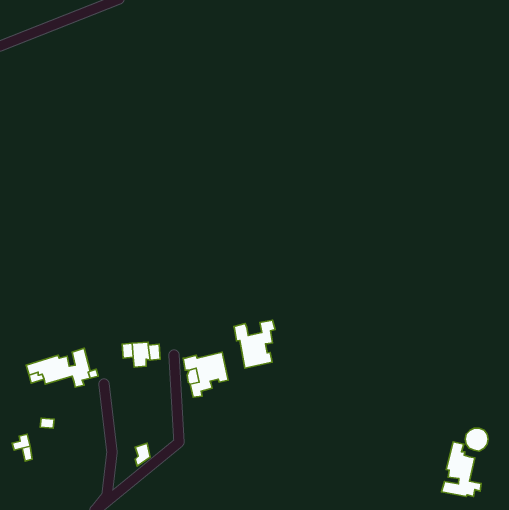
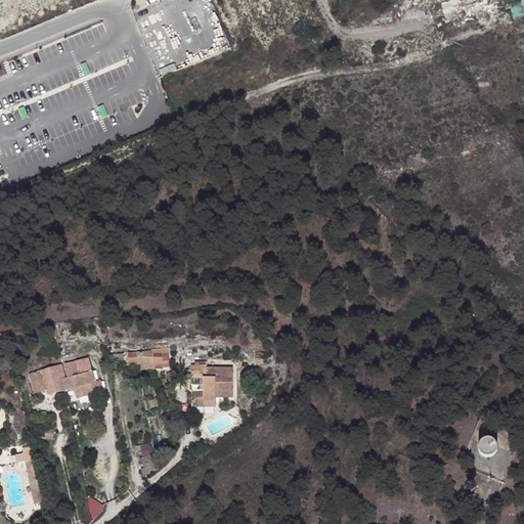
building: [234,320,275,368] -> none
building: [442,442,481,497] -> none

